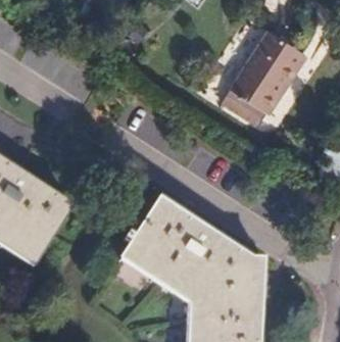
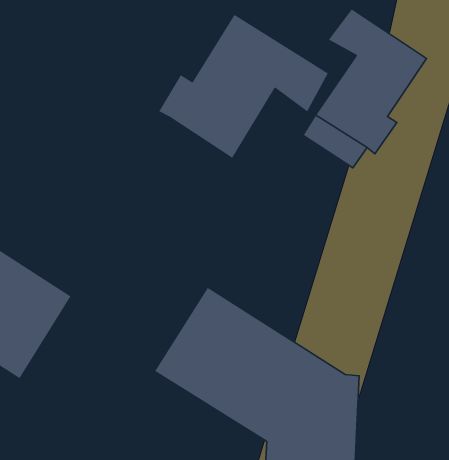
building: none -> [158,14,329,159]

